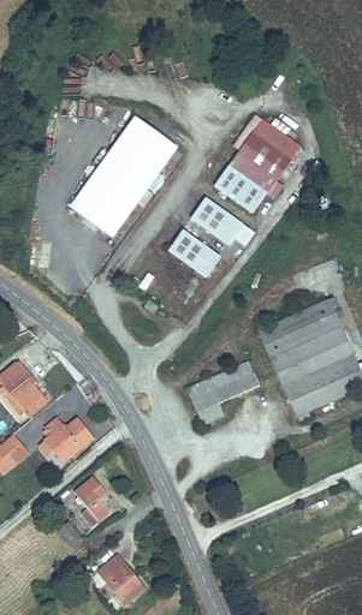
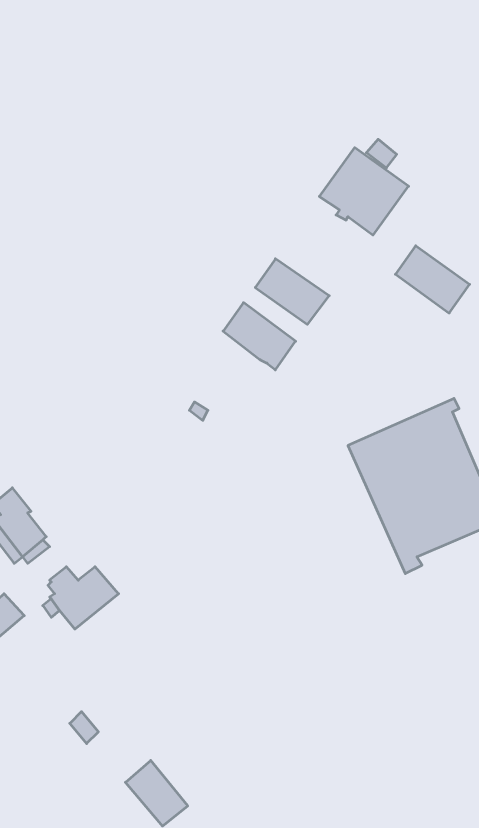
building: [71,117,174,235] -> none
building: [214,165,267,213] -> [395,246,470,313]
building: [186,360,259,424] -> none
building: [75,476,108,525] -> none

